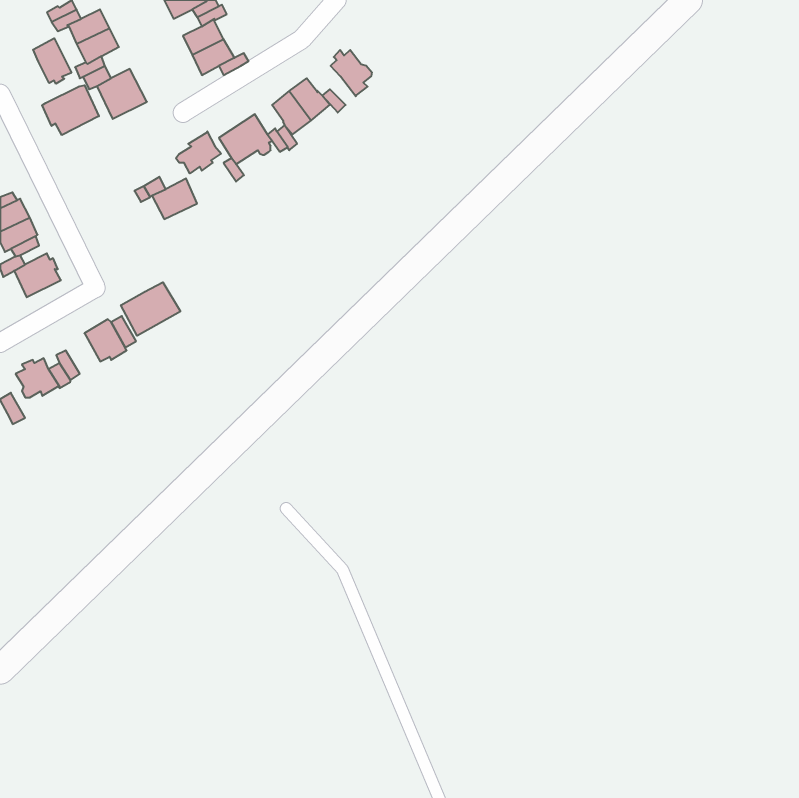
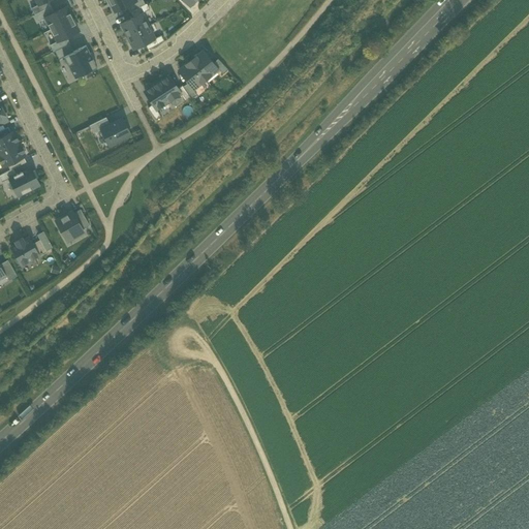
building: [33,38,71,84] -> none
building: [331,50,372,96] -> none
building: [42,85,99,135] -> none
building: [176,131,221,173] -> none
building: [121,282,180,336] -> none

